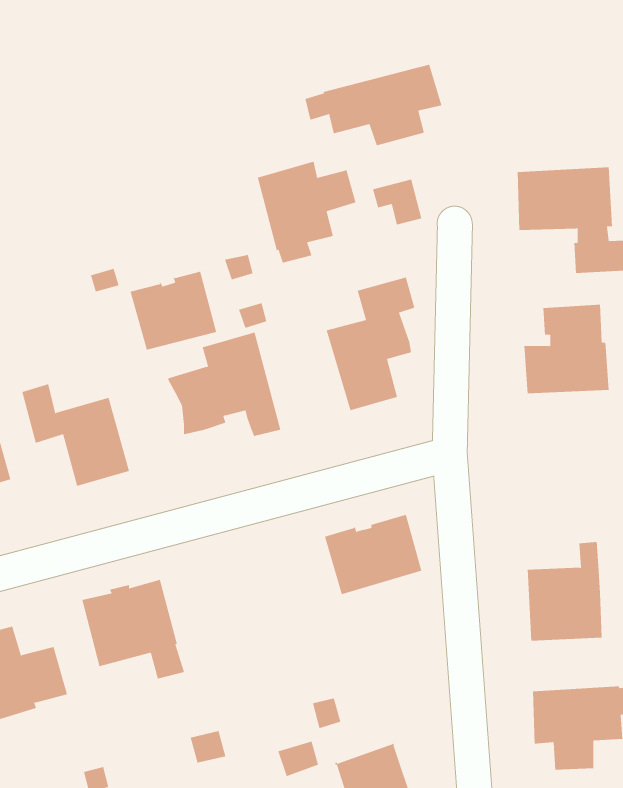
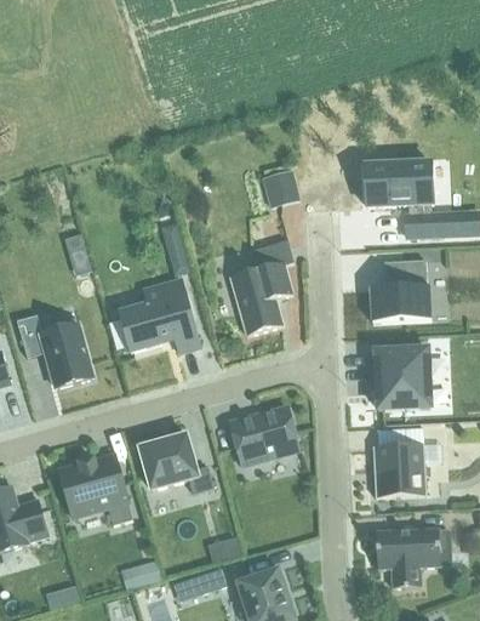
building: [305,64,442,146] -> none
building: [257,161,356,263] -> none
building: [130,271,217,351] -> none
building: none -> [367,348,430,409]
building: none -> [139,434,212,492]

